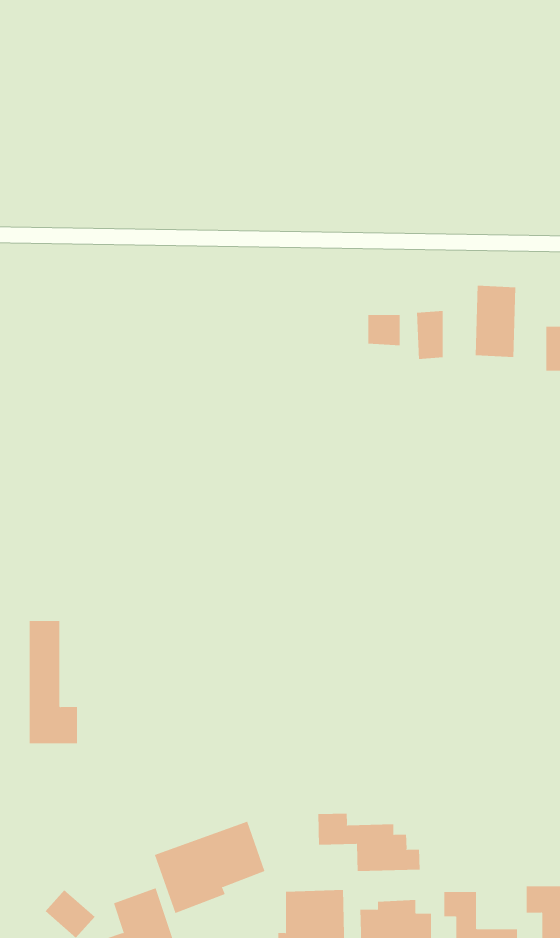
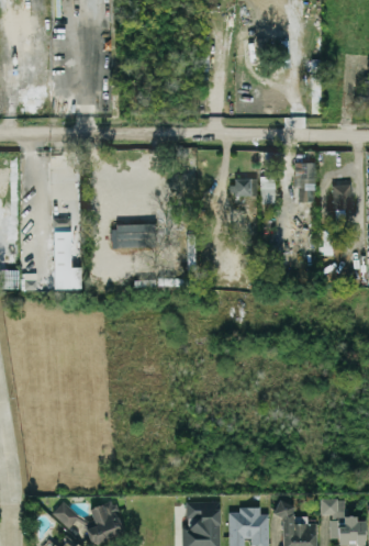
building: none -> [111,223,156,248]
building: [29,620,78,744] -> [54,219,81,288]
building: [318,813,420,872] -> none
building: [154,821,265,914] -> none

